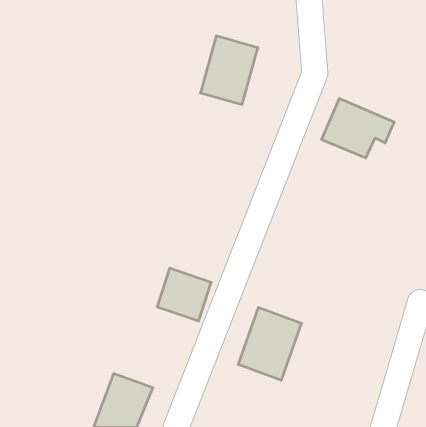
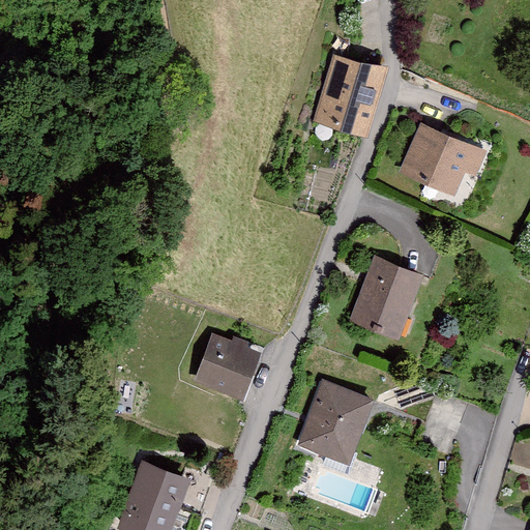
building: [200,36,258,104] -> [313,52,384,137]
building: none -> [350,258,421,340]

